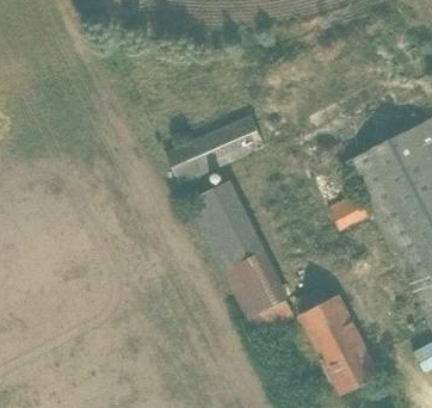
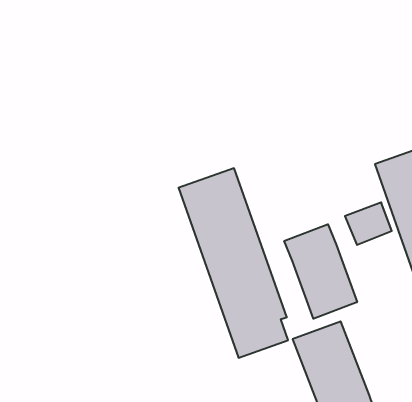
building: [166,112,265,185] -> none
building: none -> [284,224,357,319]

